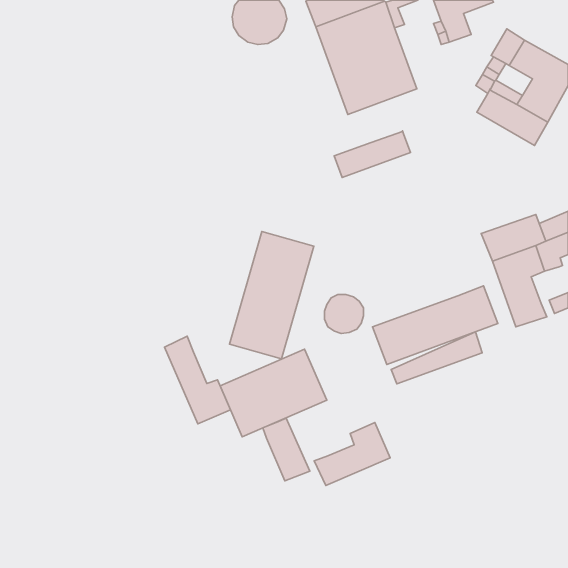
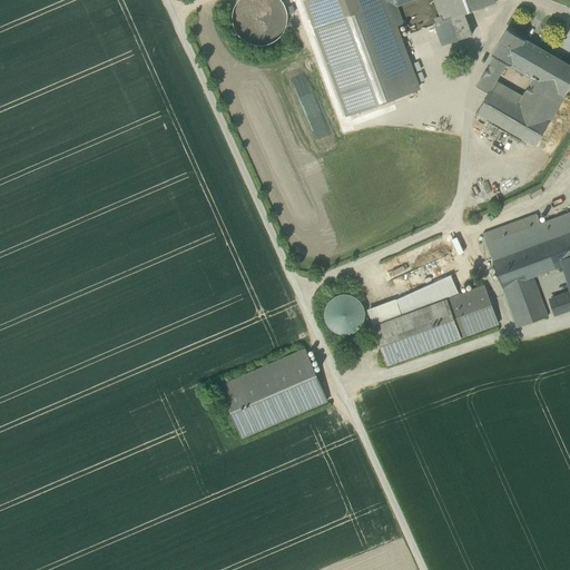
building: [334,131,411,178] -> none
building: [230,231,314,359] -> none
building: [391,332,482,384] -> [367,275,459,327]
building: [164,336,231,424] -> none
building: [263,418,310,481] -> none
building: [314,422,390,486] -> none

